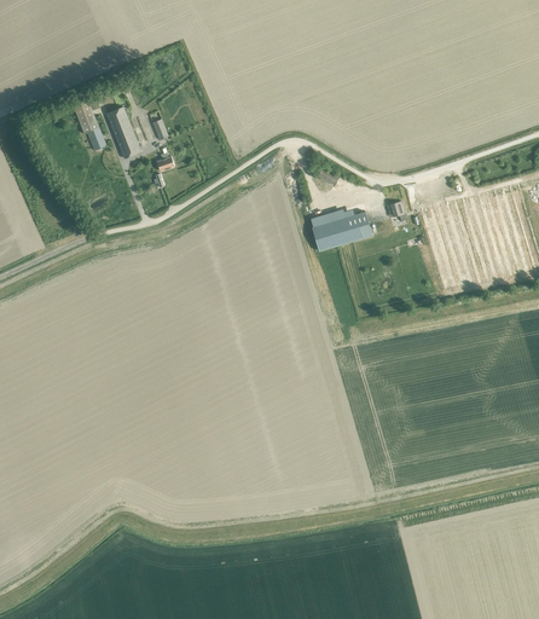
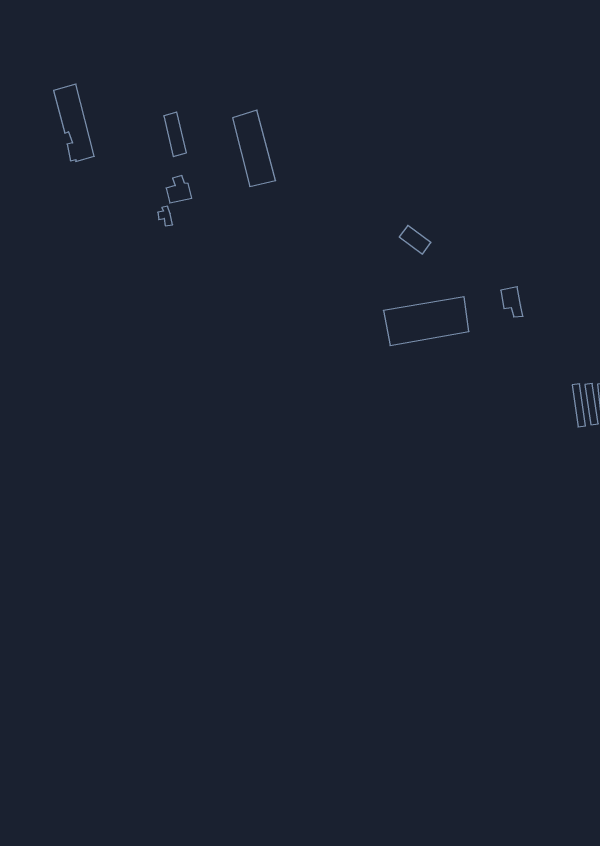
building: [105,105,139,157] -> [233,110,276,186]

